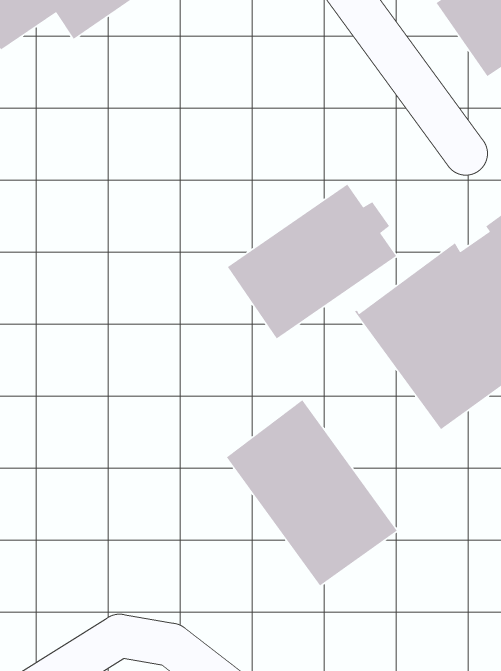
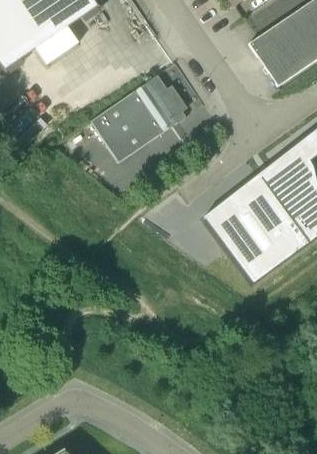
building: [227,183,397,340] -> [90,74,186,162]
building: [226,399,398,586] -> none

